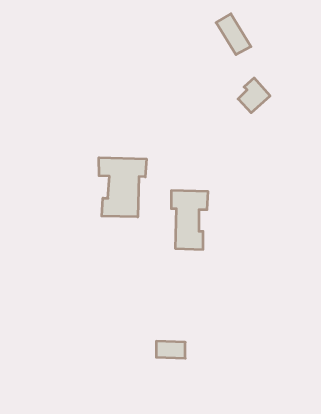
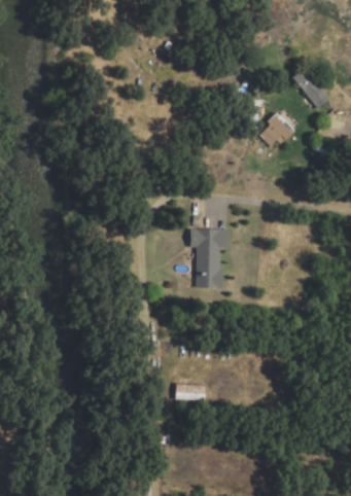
building: [216,14,251,55] -> [294,66,330,108]
building: [99,158,146,217] -> none

